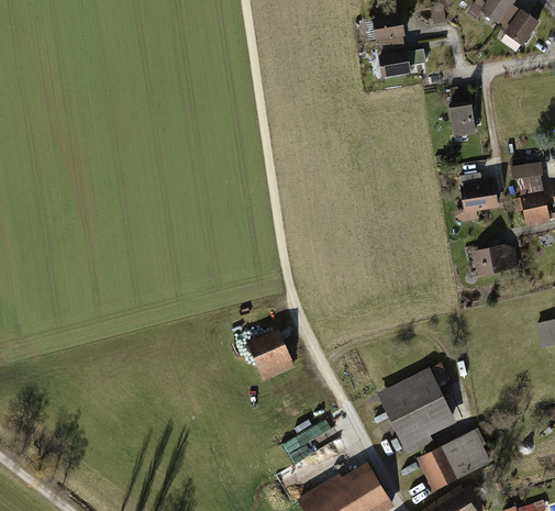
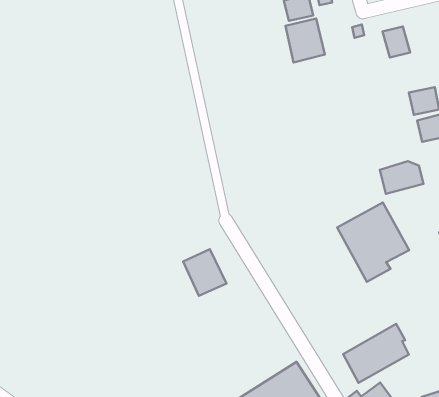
building: none -> [286,19,325,63]
building: [446,104,476,138] -> [382,26,410,58]
building: [456,173,498,222] -> none
building: [380,365,459,453] -> [337,202,409,282]

